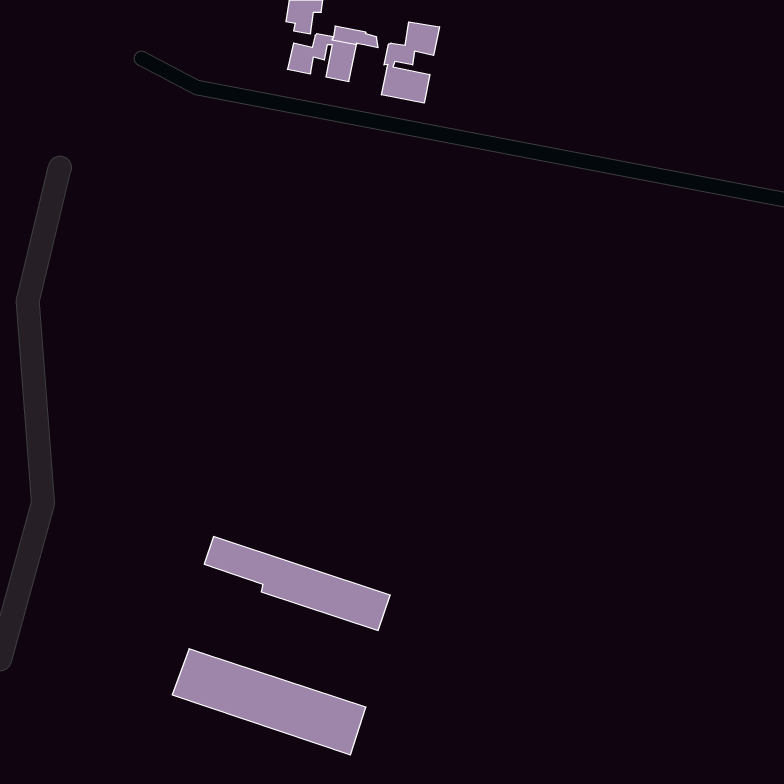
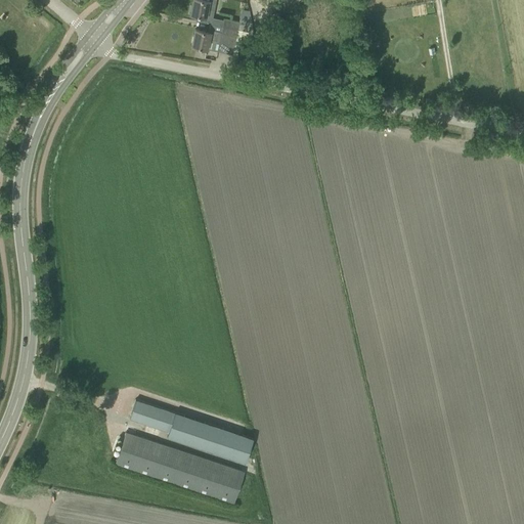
building: [382,22,439,103] -> none
building: [204,537,390,630] -> [130,400,254,463]

